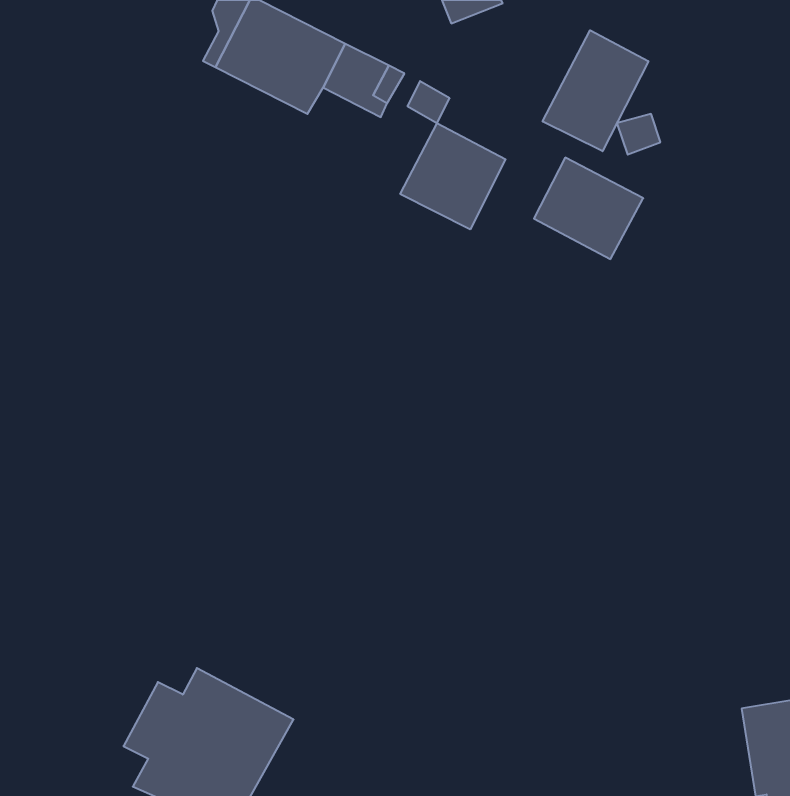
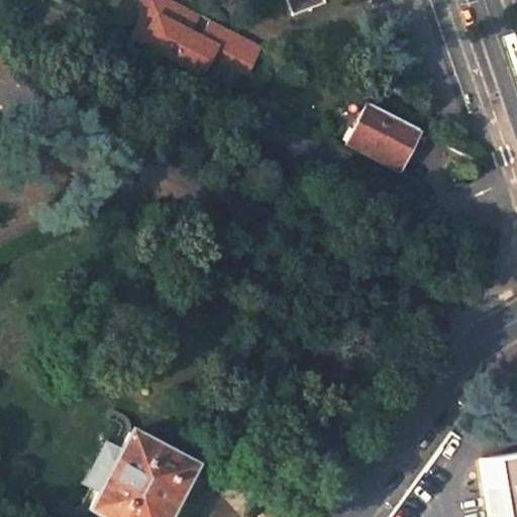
building: [543,30,648,151] -> none
building: [400,123,506,229] -> none

